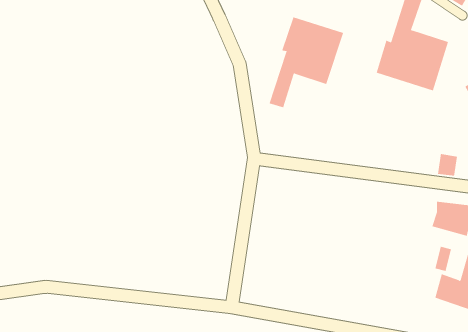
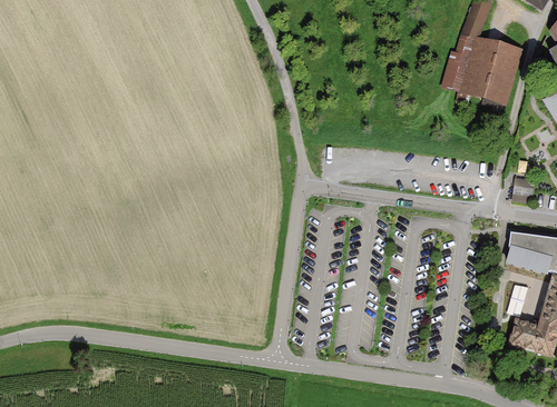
building: [269,16,344,108] -> none

